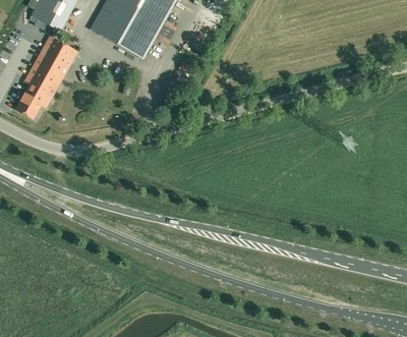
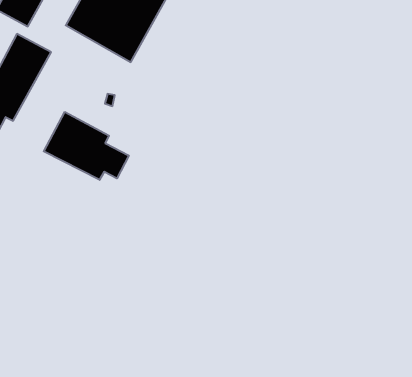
building: none -> [44,112,129,180]

